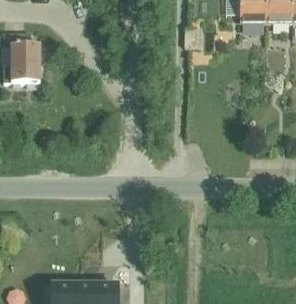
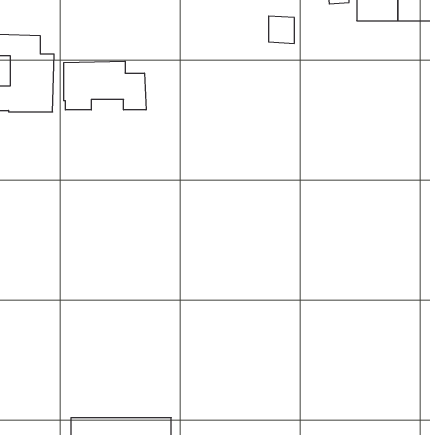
building: none -> [64,61,146,110]

